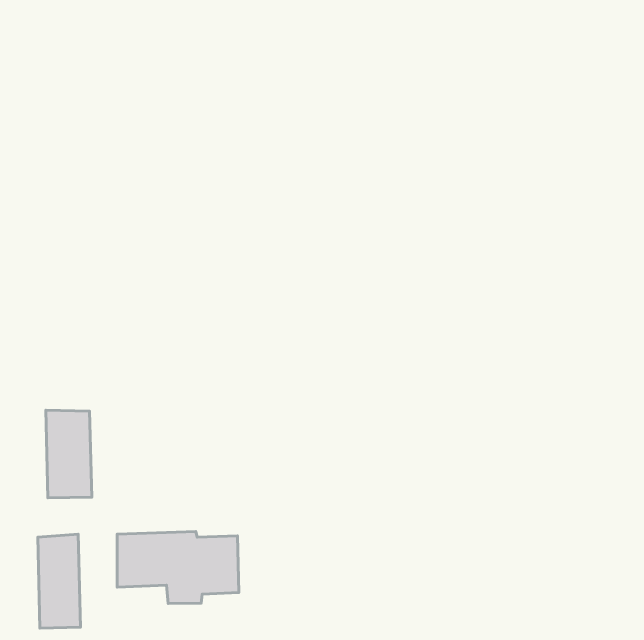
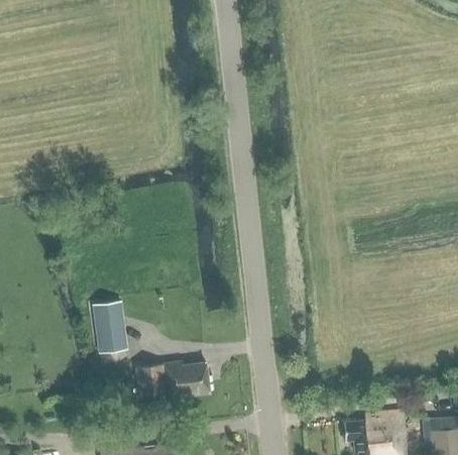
building: [38,534,80,628] -> none

